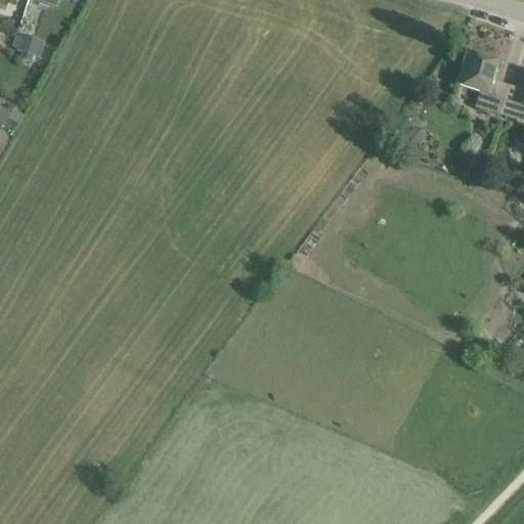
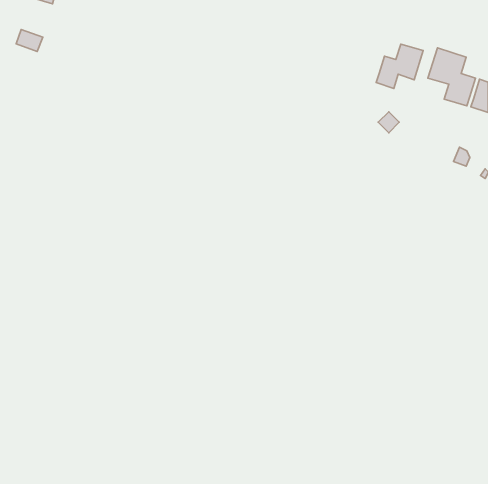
building: none -> [376,44,423,89]

